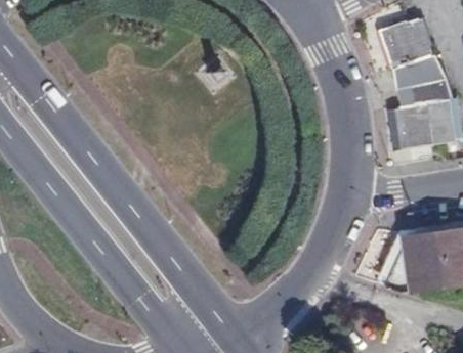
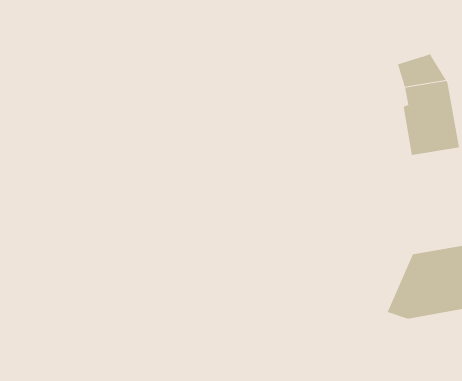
building: [384,15,427,62] -> none

